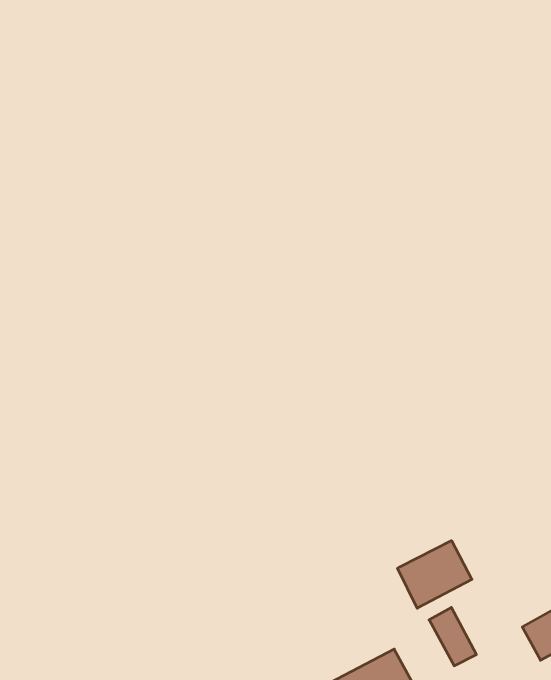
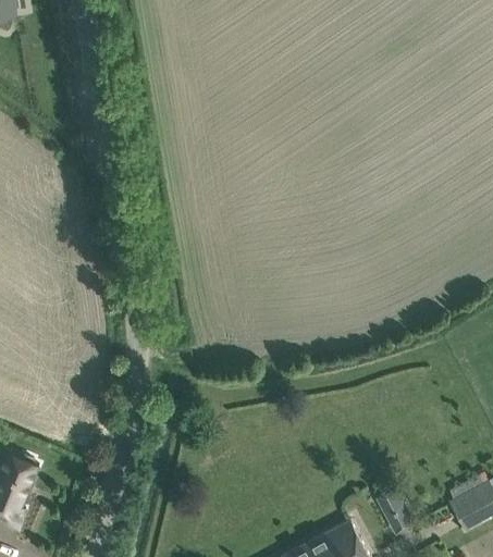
building: [398,541,472,608] -> none

